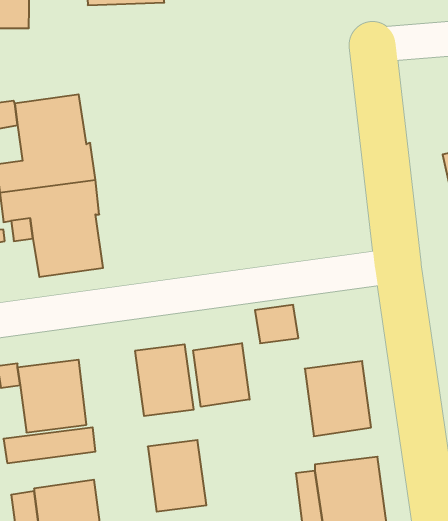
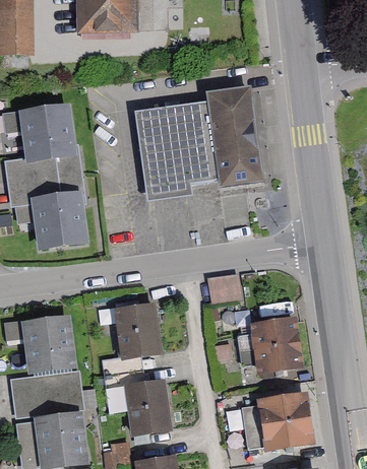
building: none -> [134,85,262,200]
building: [193,343,250,407] -> none
building: none -> [12,388,85,417]

